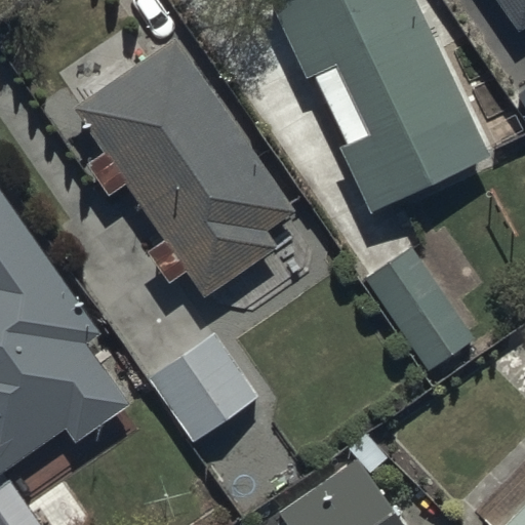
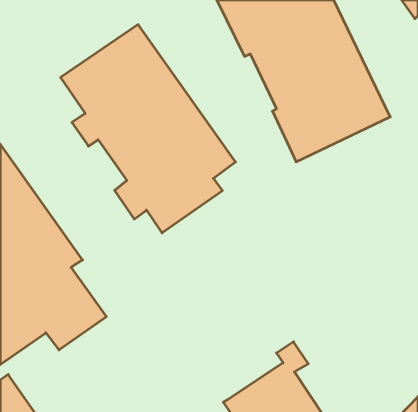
building: [365,248,476,371] -> none
building: [152,334,258,442] -> none

